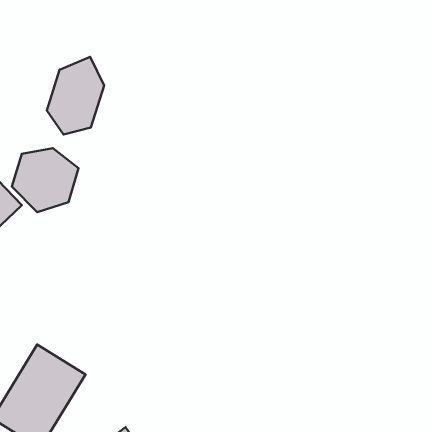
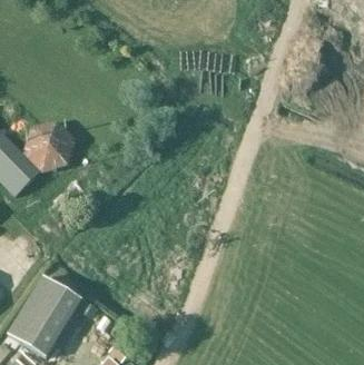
building: [47,57,104,134] -> none

